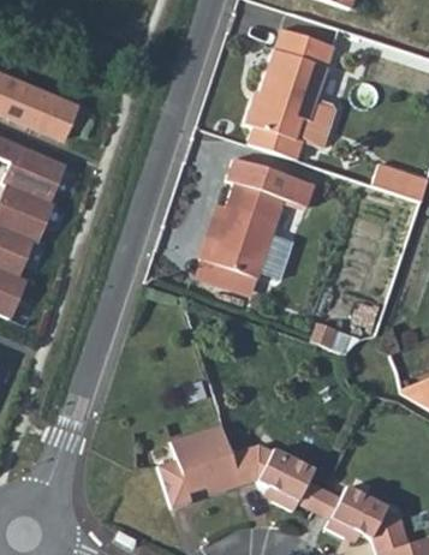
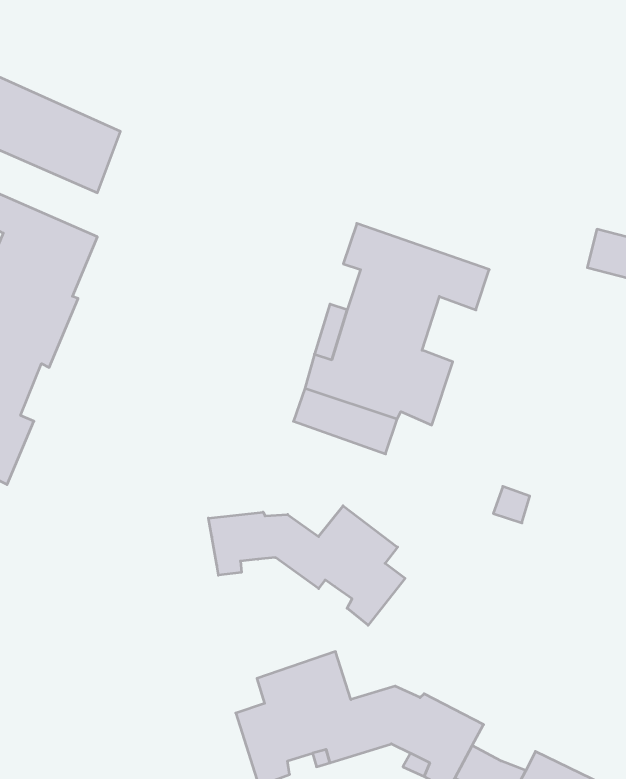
building: [246,29,345,162] -> none
building: none -> [208,506,405,625]

